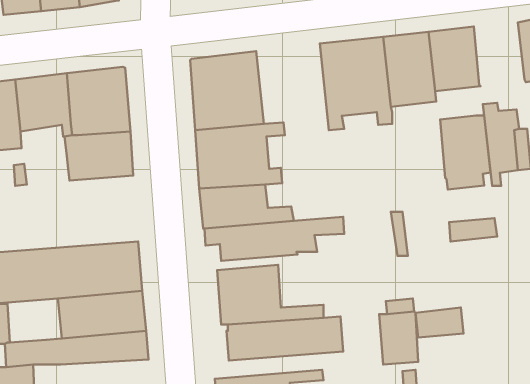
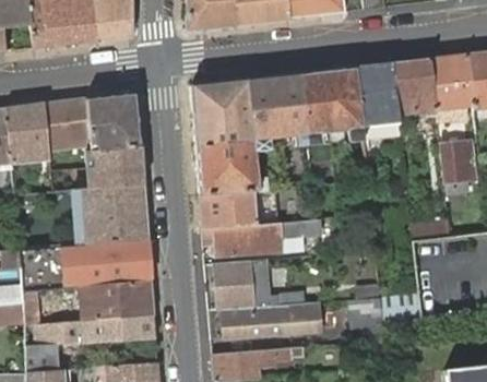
building: none -> [247,72,308,147]
building: [440,116,491,189] -> [430,55,473,117]
building: none -> [73,183,147,244]

